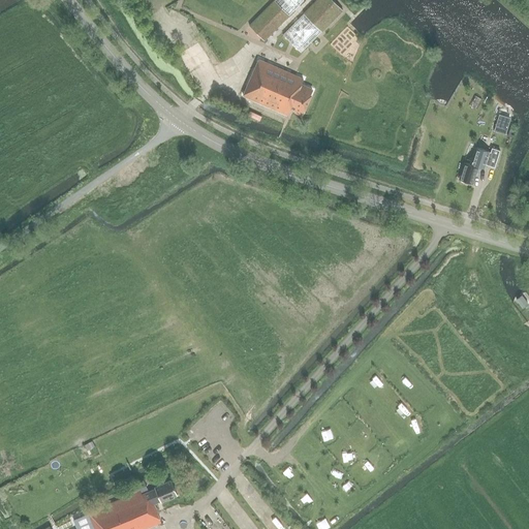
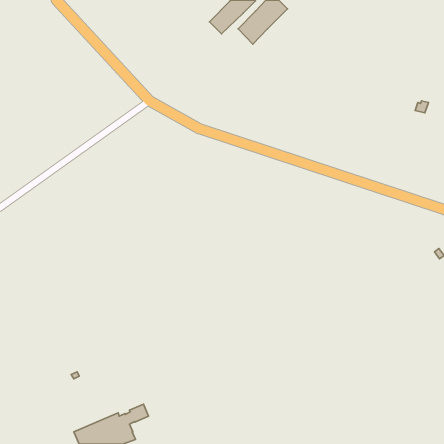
building: [243,60,312,115] -> none
building: [459,147,500,184] -> none

